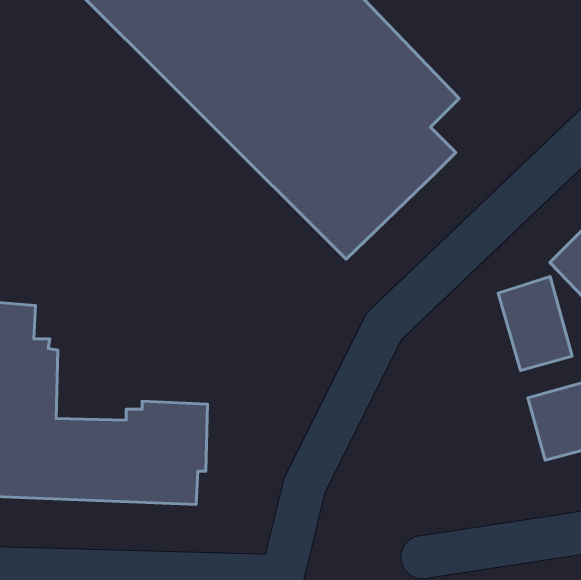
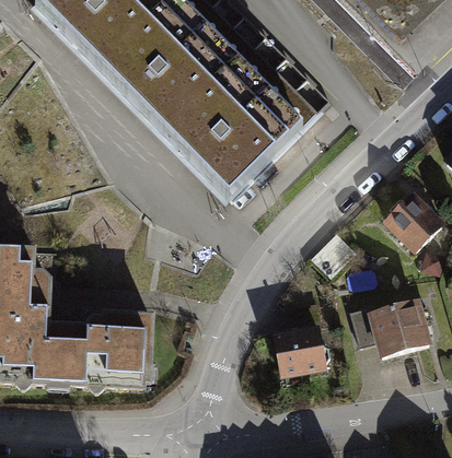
building: [498,277,572,370] -> none
building: none -> [270,326,322,372]

